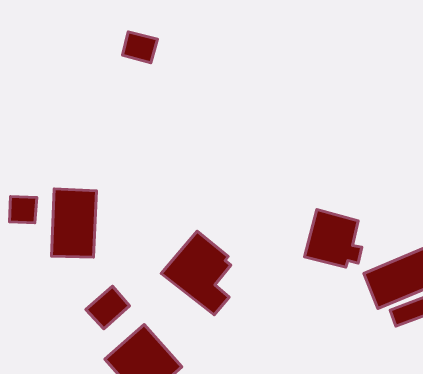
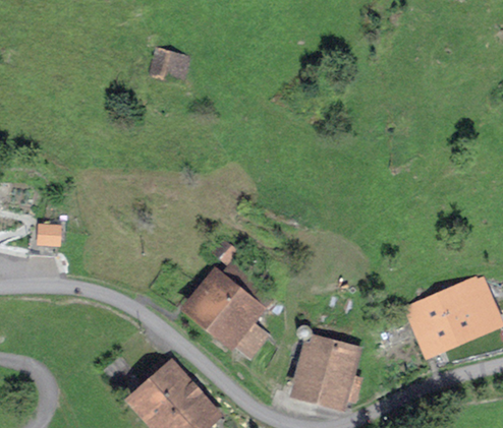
building: [52,189,97,257] -> none
building: [304,210,362,267] -> [293,337,355,399]
building: [86,286,129,329] -> none

